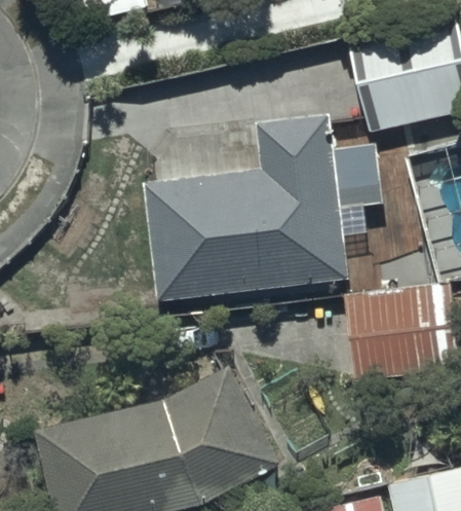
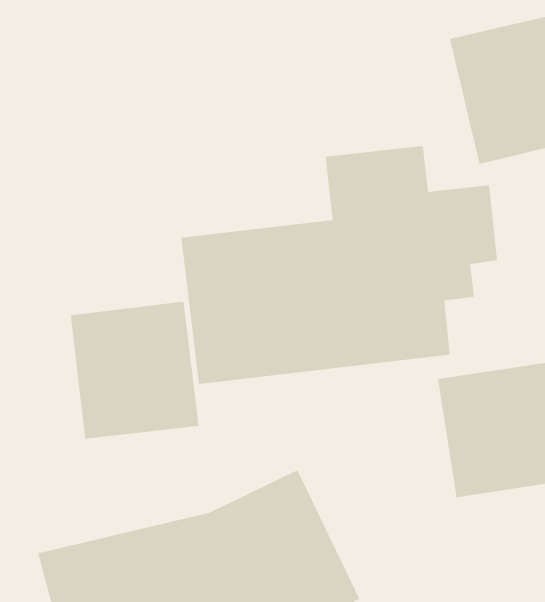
building: none -> [70,301,199,439]

